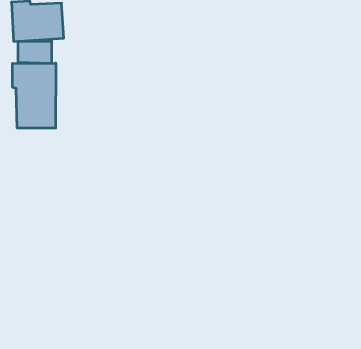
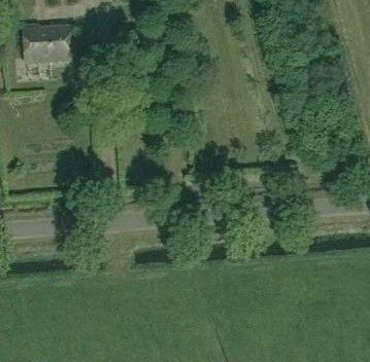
building: [13,63,56,128] -> none

